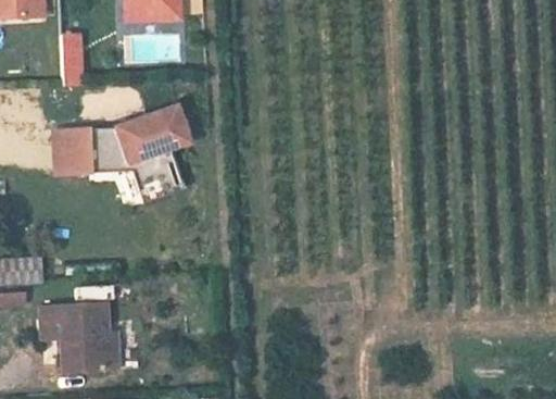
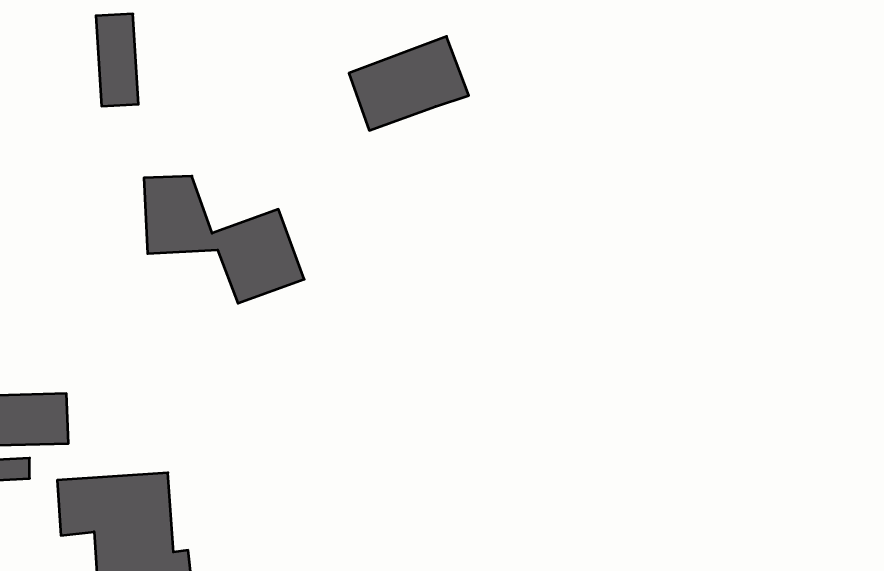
building: [117,105,188,161] -> [349,36,469,130]
building: [54,128,91,174] -> none

